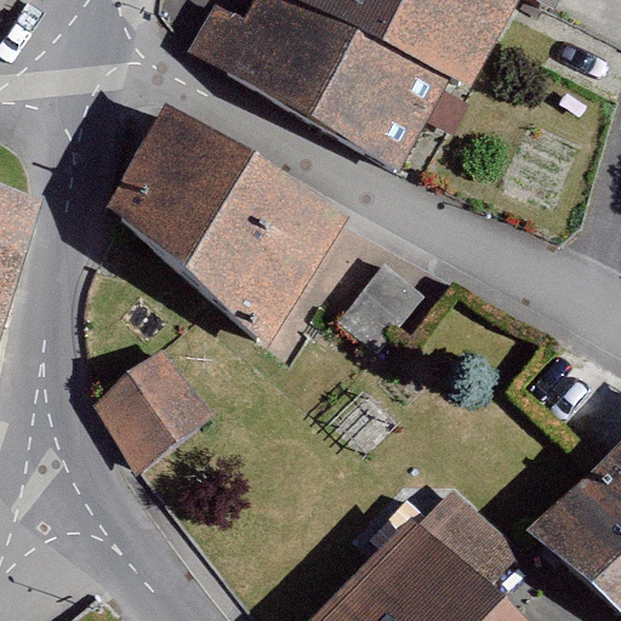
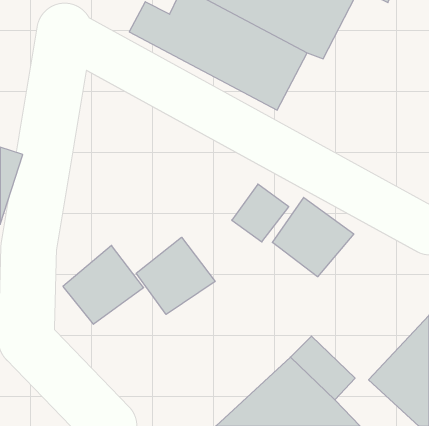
building: [112,116,351,354] -> none
building: none -> [272,197,354,277]
building: none -> [136,237,215,314]

